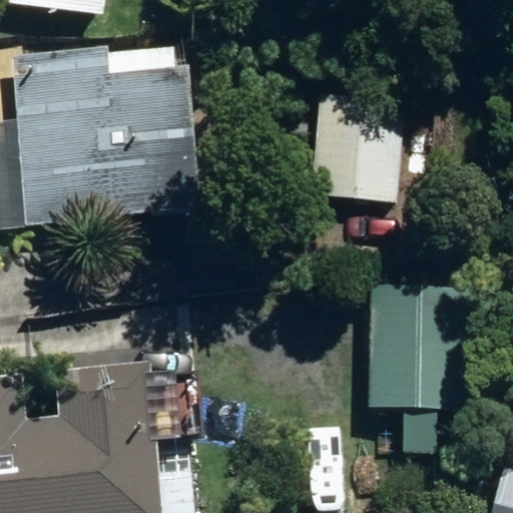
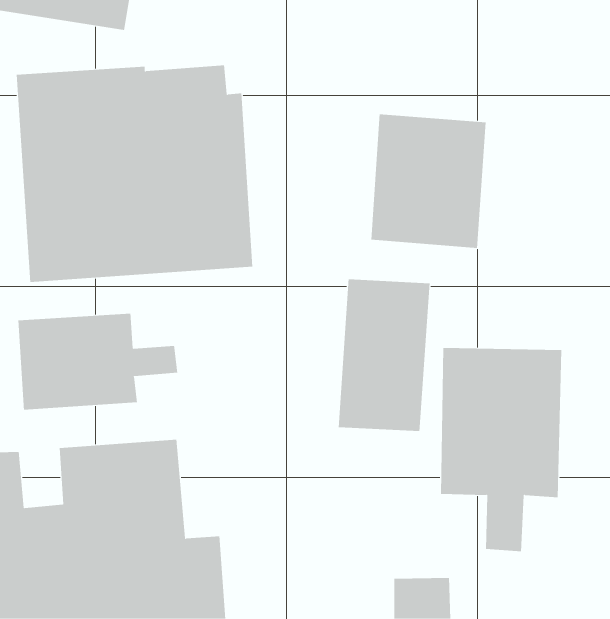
building: none -> [338,279,430,432]
building: none -> [18,313,178,411]

